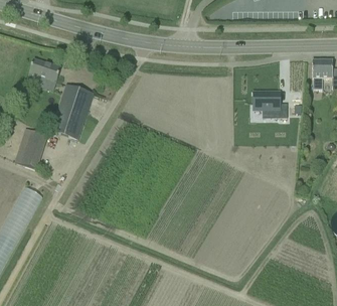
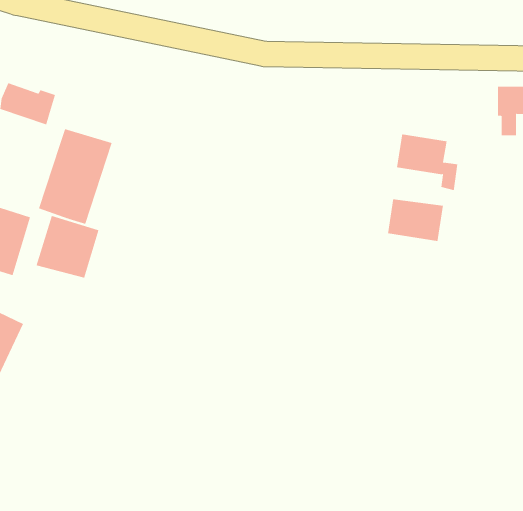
building: none -> [388,199,444,242]
building: none -> [36,215,99,279]

